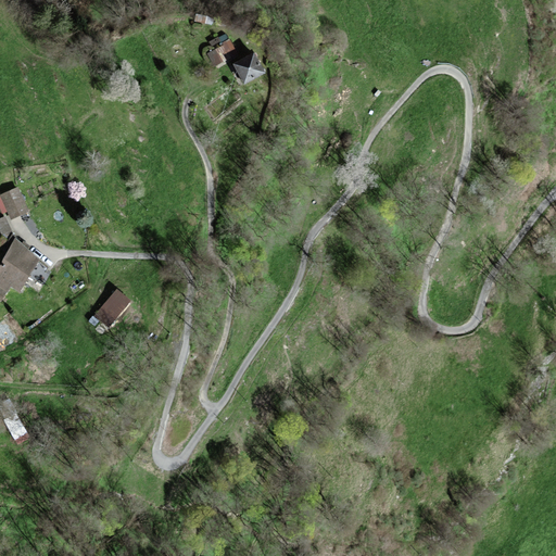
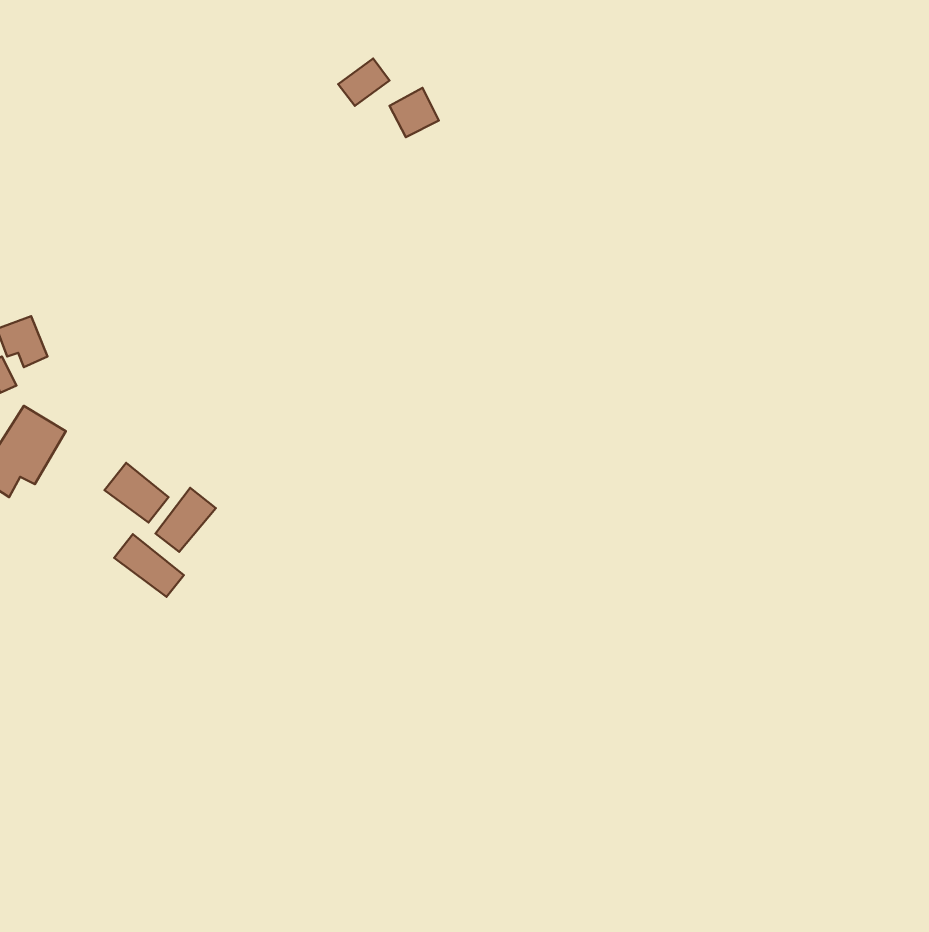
building: none -> [105,463,169,522]
building: none -> [114,534,184,597]

